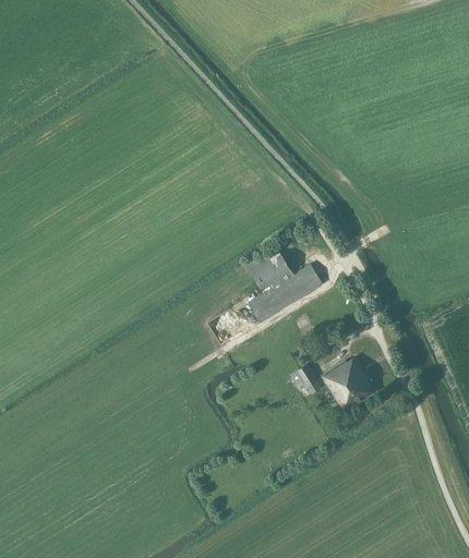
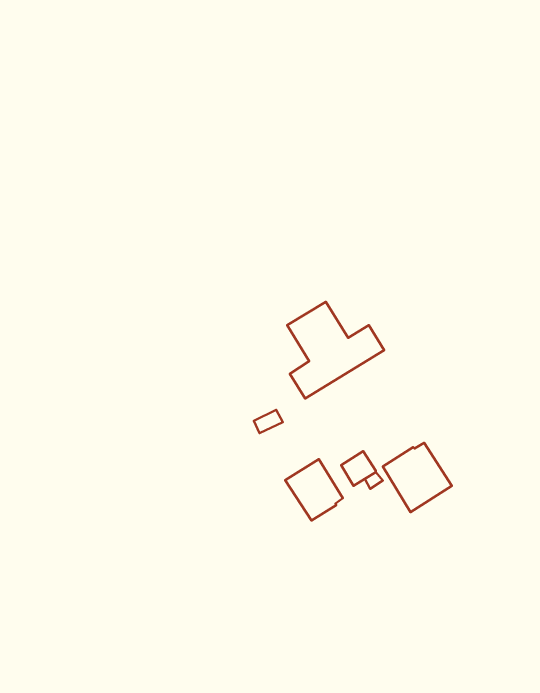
building: none -> [285,459,343,520]

